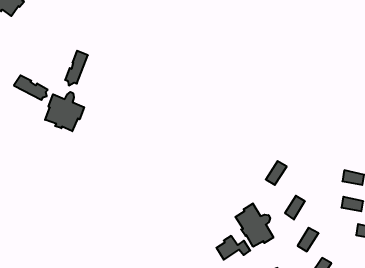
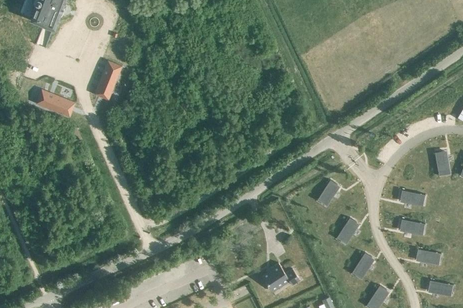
building: [45,92,84,131] -> none
building: [235,203,273,247] -> none

